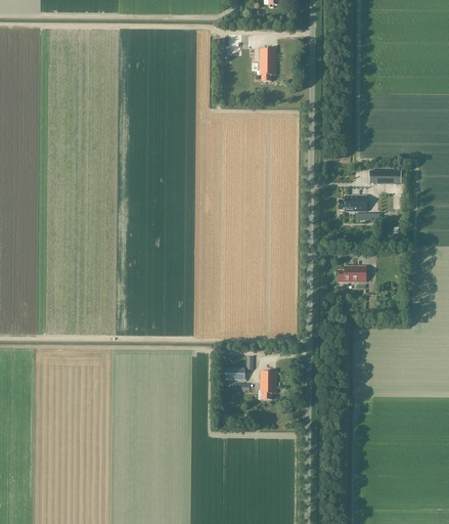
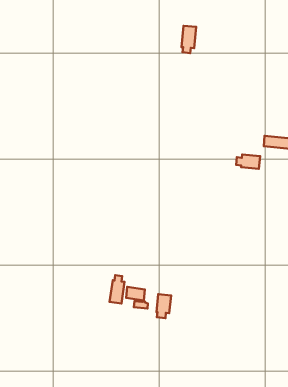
building: [339,266,366,282] -> none
building: none -> [110,275,125,304]

